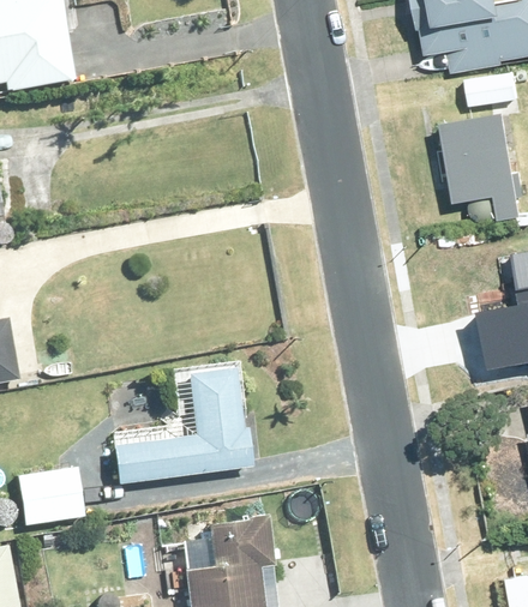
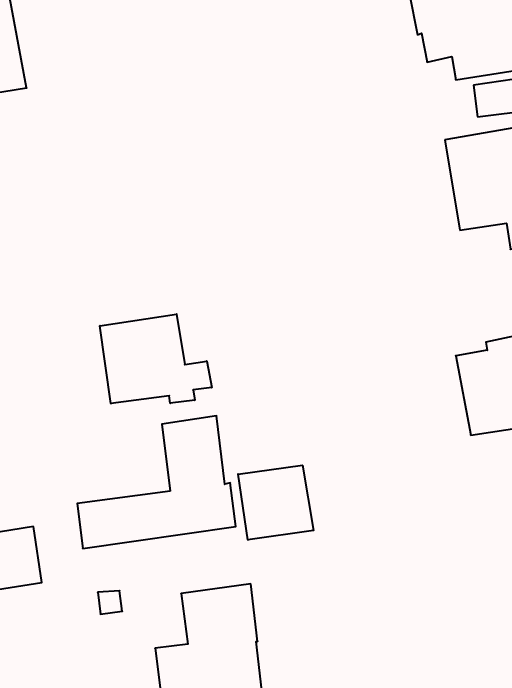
building: none -> [100,314,212,404]
building: none -> [238,465,314,540]

